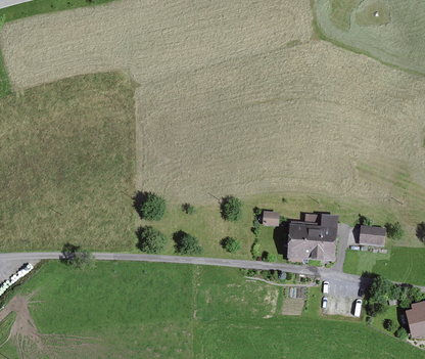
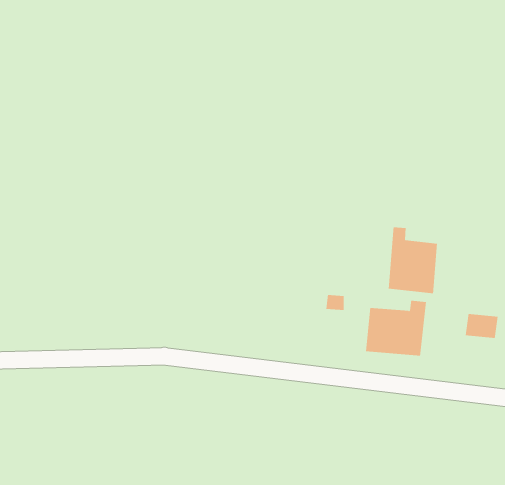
building: none -> [388,226,438,294]

